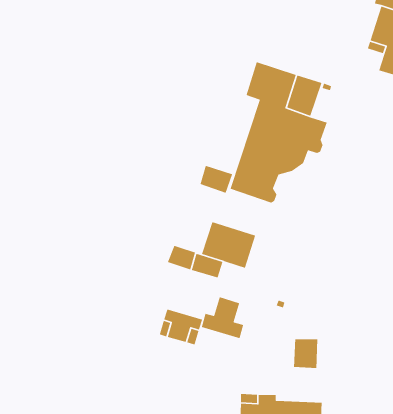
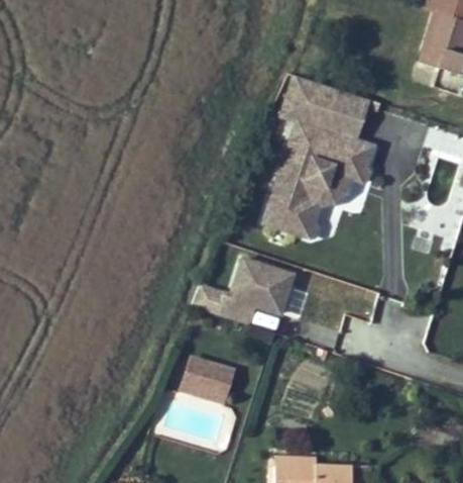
building: [199,165,233,194] -> none
building: [201,296,244,339] -> none
building: [293,338,318,369] -> none

